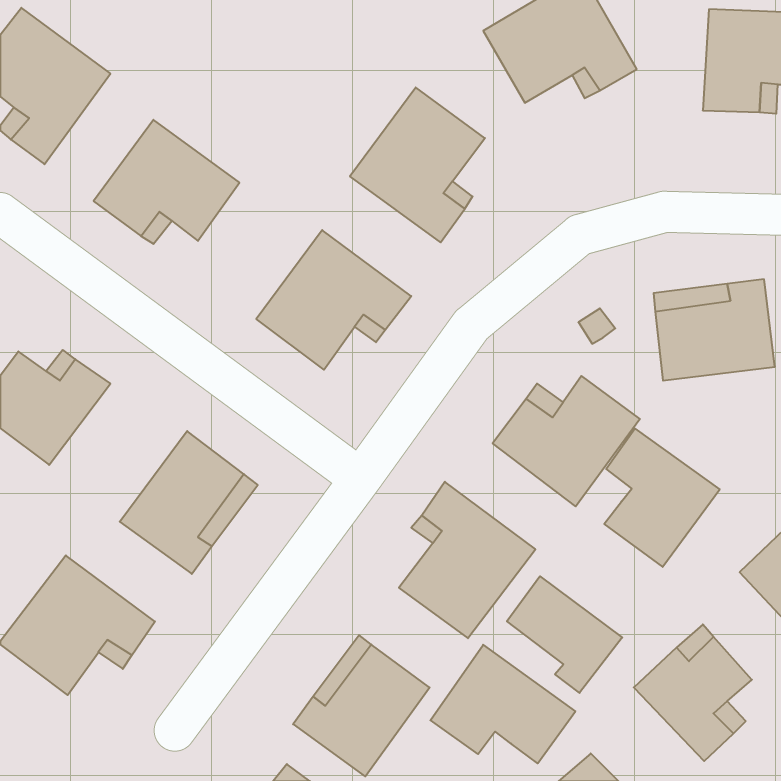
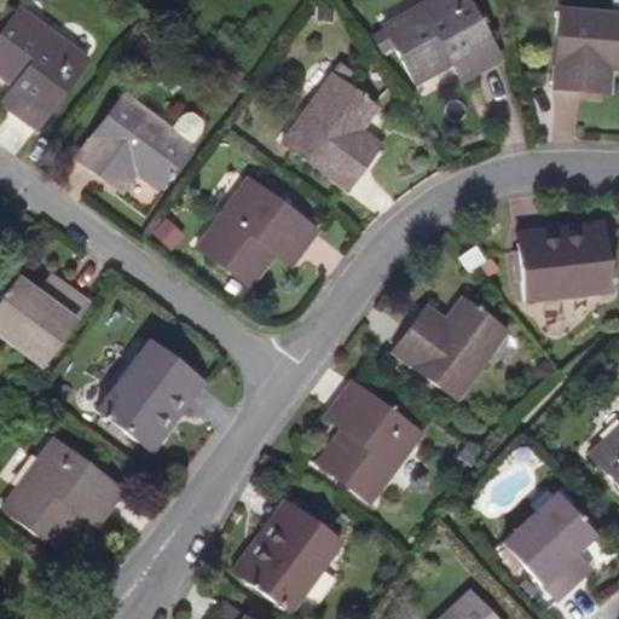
building: [604,429,720,567] -> none
building: [507,576,622,693] -> none
building: [430,645,575,763] -> none

